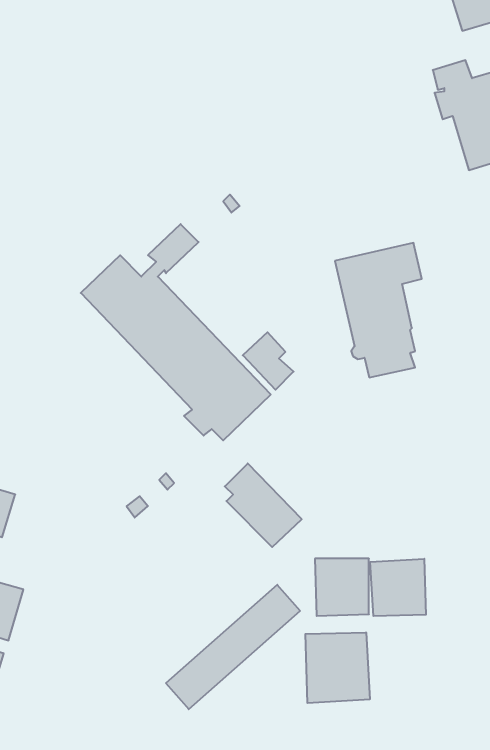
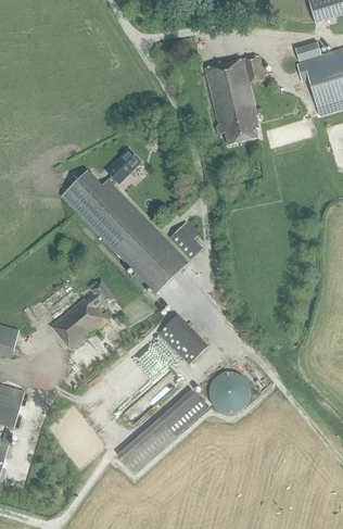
building: [335,243,422,377] -> [204,55,262,144]
building: none -> [50,281,115,350]
building: [370,559,426,616] -> none
building: [305,632,370,703] -> none

